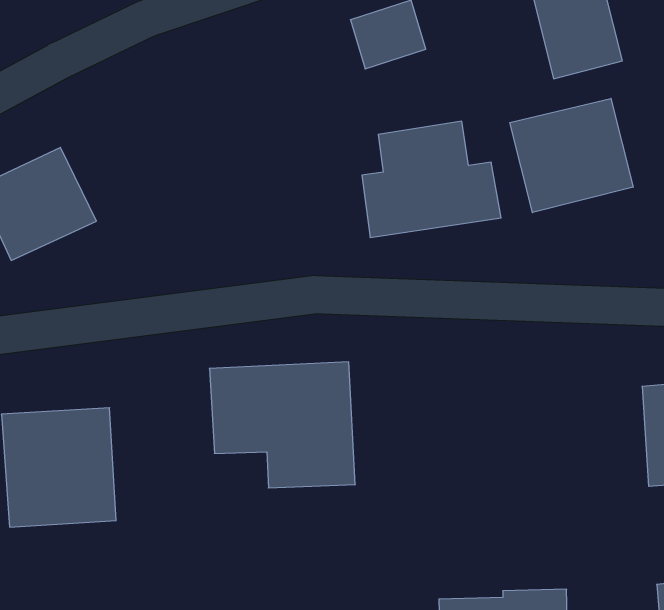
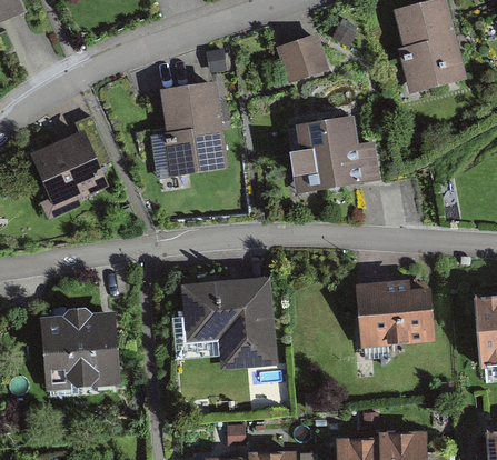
building: none -> [162,82,226,171]
building: [510,98,633,213] -> none
building: none -> [355,279,435,351]

